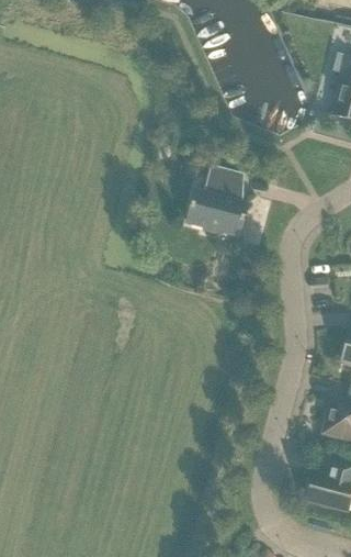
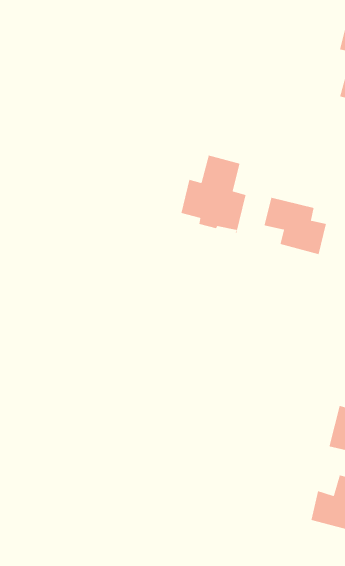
building: none -> [263,197,327,255]

